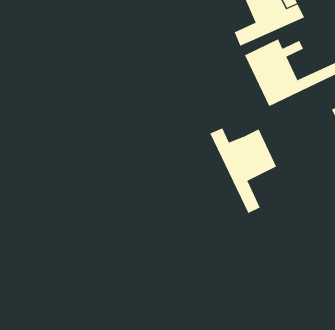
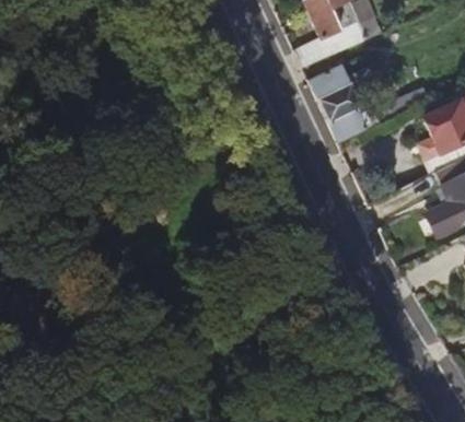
building: [209,128,277,214] -> none

